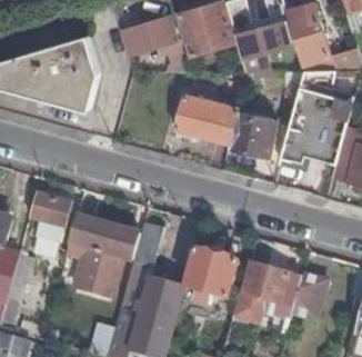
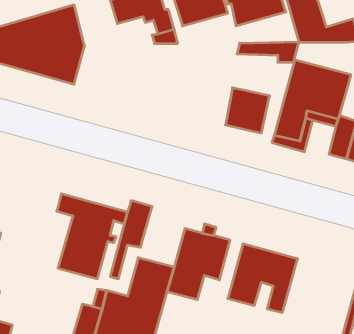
building: [174,95,238,142] -> none
building: [30,192,70,236] -> none
building: [292,272,328,319] -> none

